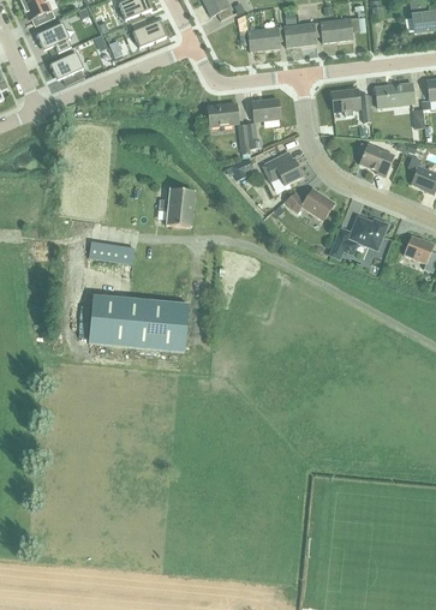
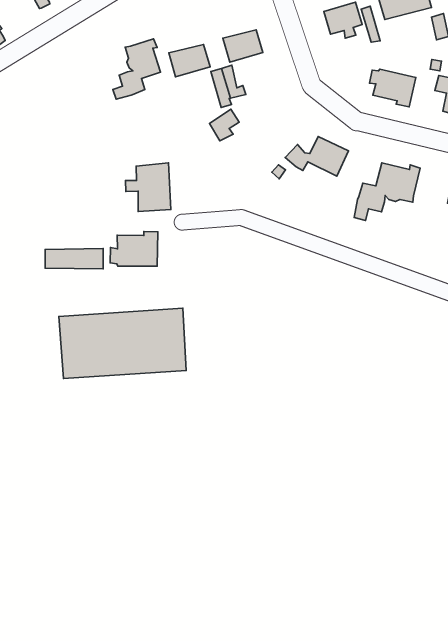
building: none -> [113,39,161,99]
building: [264,150,303,185] -> none
building: none -> [110,231,158,266]

